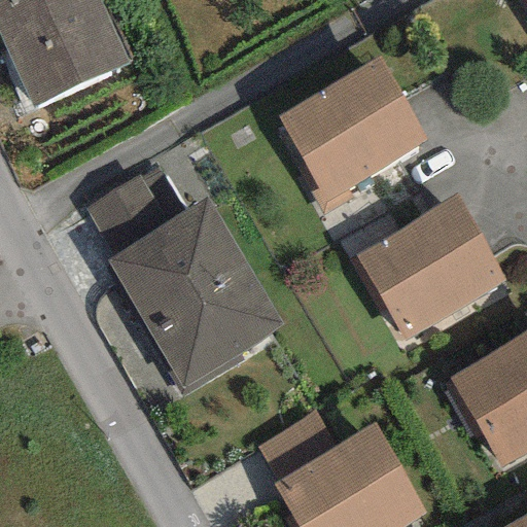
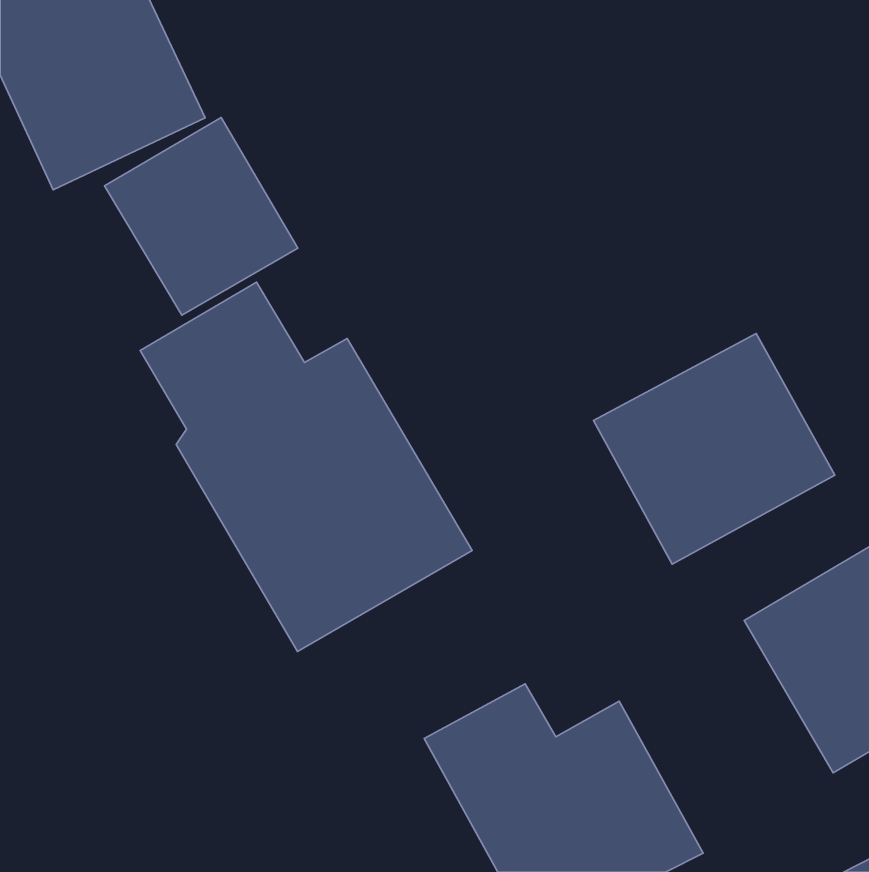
building: [278,56,430,200] -> none
building: none -> [105,118,298,315]

